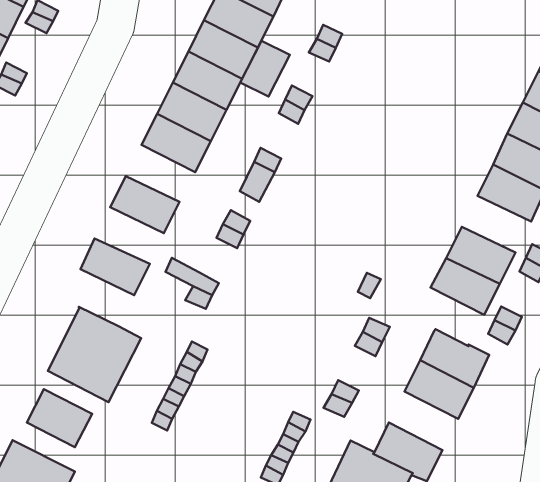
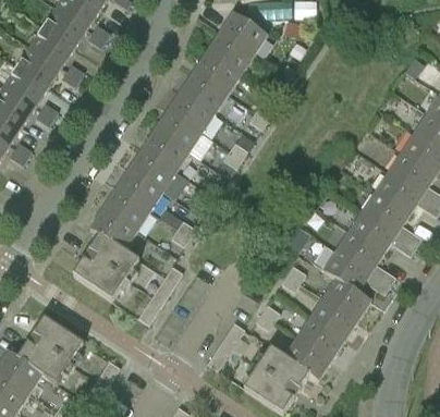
building: [240,41,290,97] -> none
building: none -> [142,130,188,171]
building: none -> [363,192,410,233]
building: none -> [115,169,162,210]
building: none -> [89,208,137,249]
building: none -> [314,243,370,292]
building: [27,389,92,447] -> none
building: none -> [297,317,344,359]

